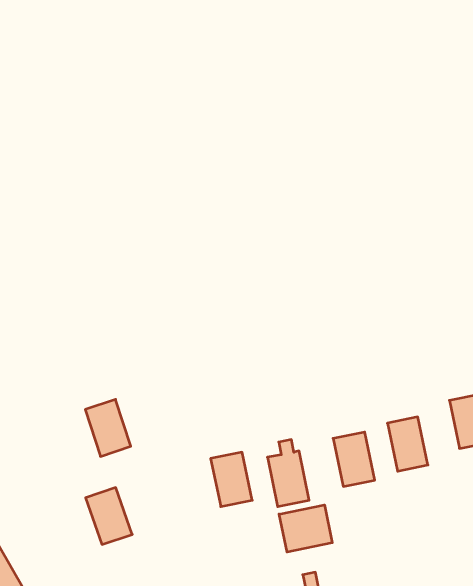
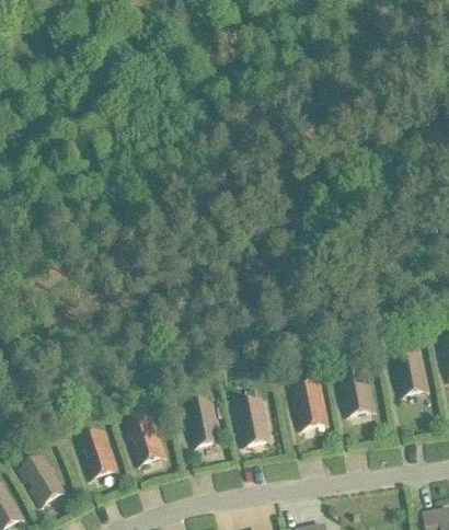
building: [85,399,131,456] -> [125,415,164,464]
building: [279,505,332,552] -> none
building: none -> [19,453,65,505]

